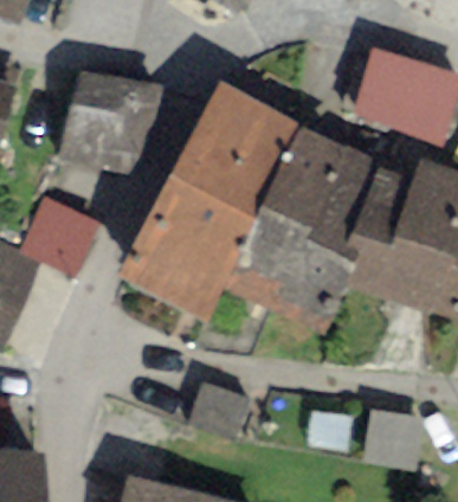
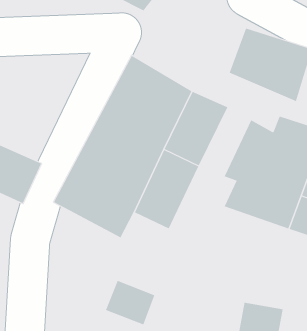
building: [54,70,166,178] -> none
building: [278,147,381,320] -> none

